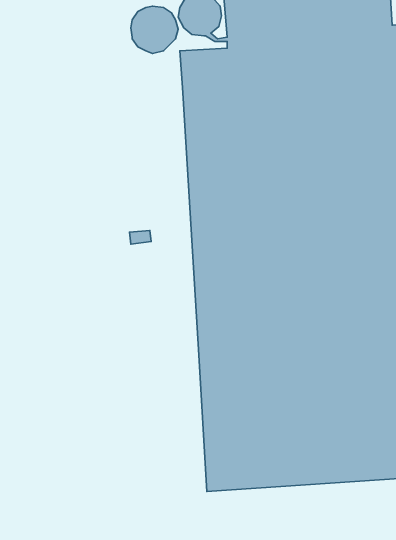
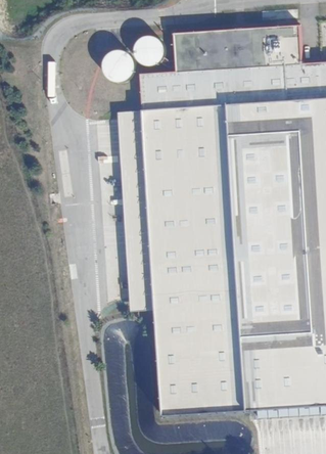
building: none -> [122,109,158,310]

